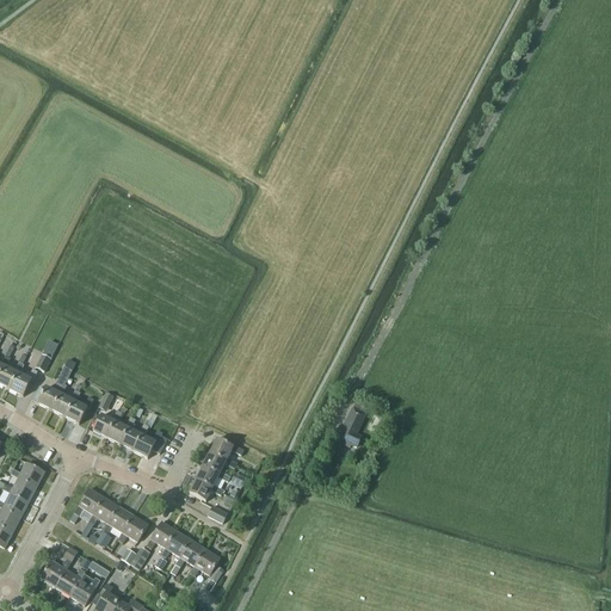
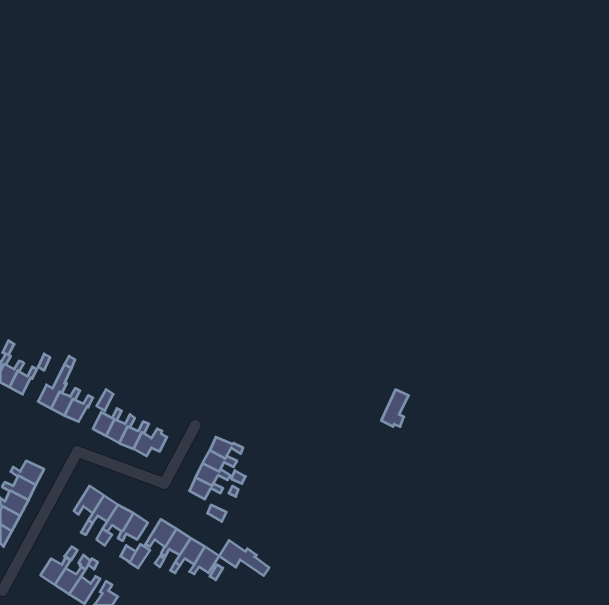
building: [338,408,365,445] -> [381,390,409,427]
building: none -> [219,540,269,576]

